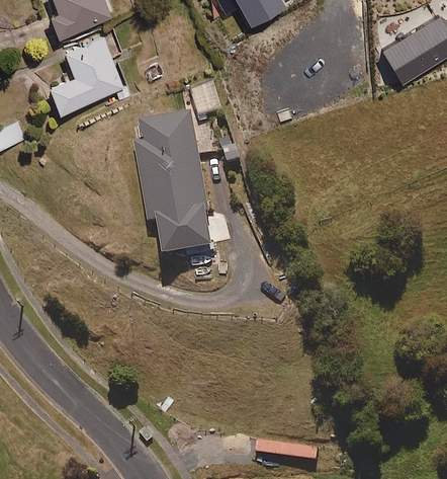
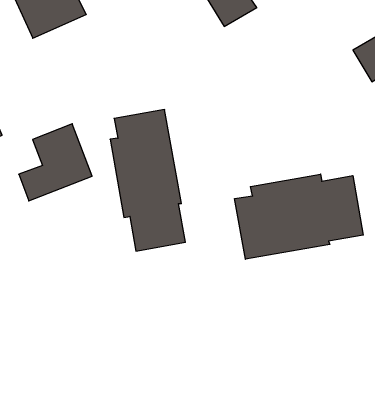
building: [48,34,122,113] -> [19,124,92,201]
building: none -> [235,174,363,259]

